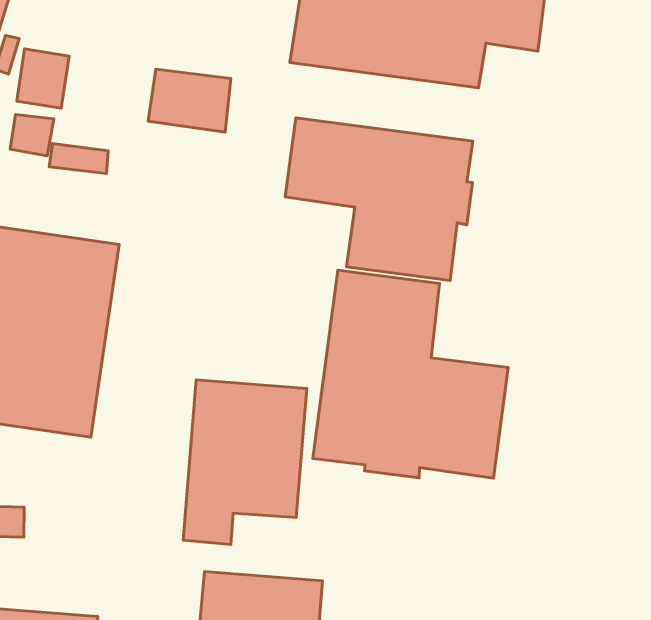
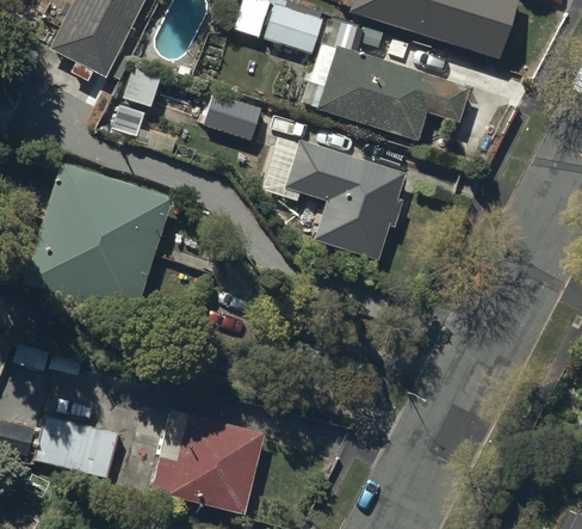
building: [313,270,508,478] -> none
building: [183,380,307,545] -> none

